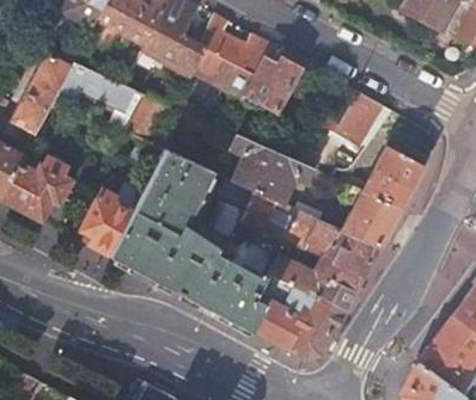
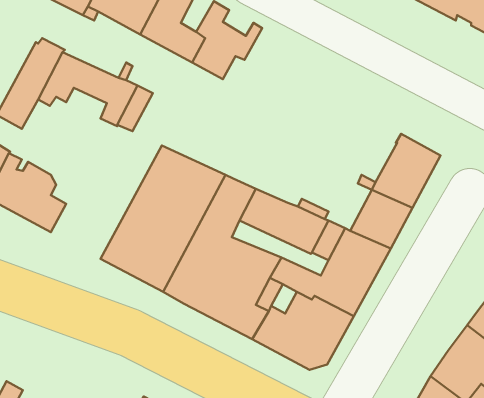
building: [224,39,304,112] -> none
building: [321,101,376,144] -> none
building: [199,121,316,203] -> none
building: [81,189,133,256] -> none

